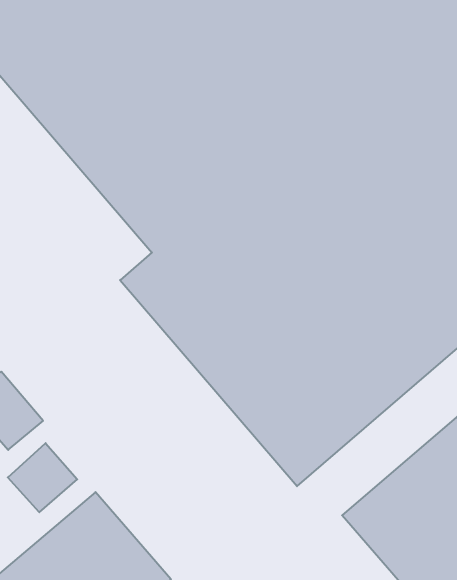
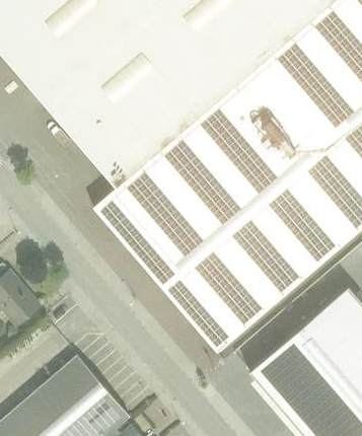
building: [8,443,77,512] -> none

